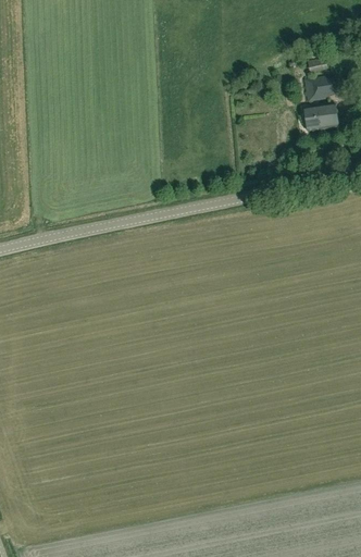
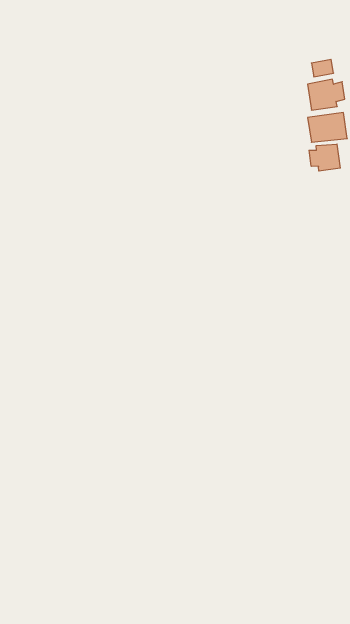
building: none -> [309,144,340,171]

